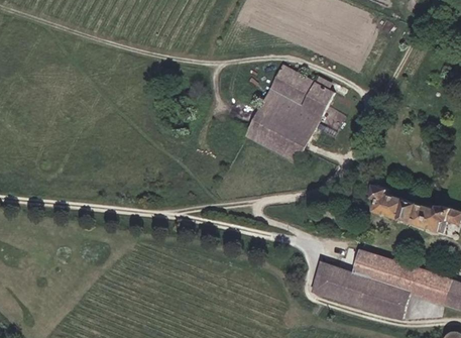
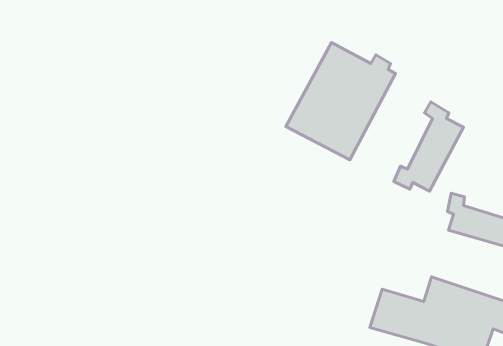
building: none -> [394,102,463,191]

